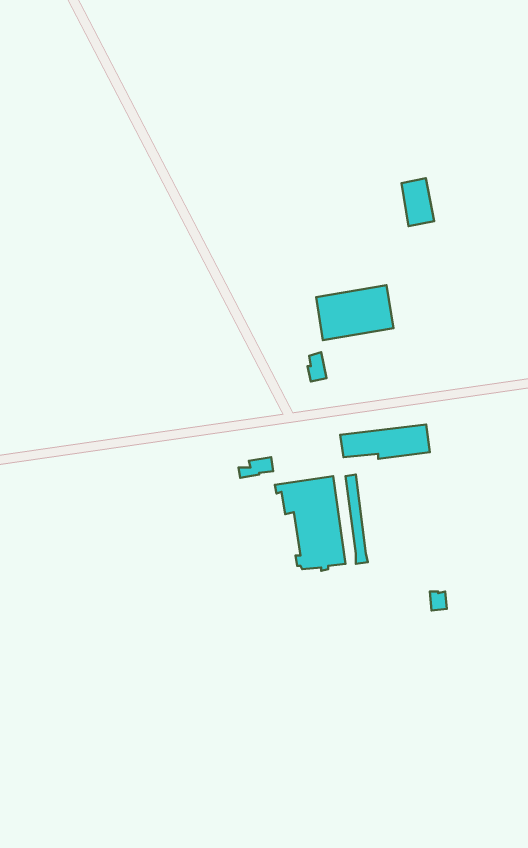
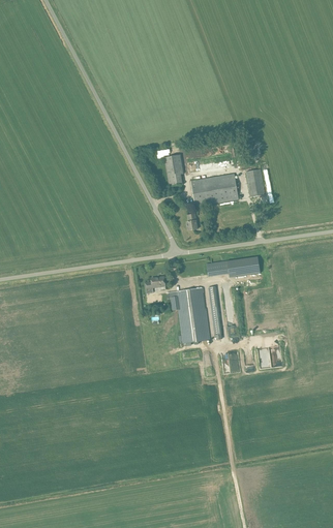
building: [402,178,434,226] -> [246,168,266,197]
building: none -> [164,154,183,186]

